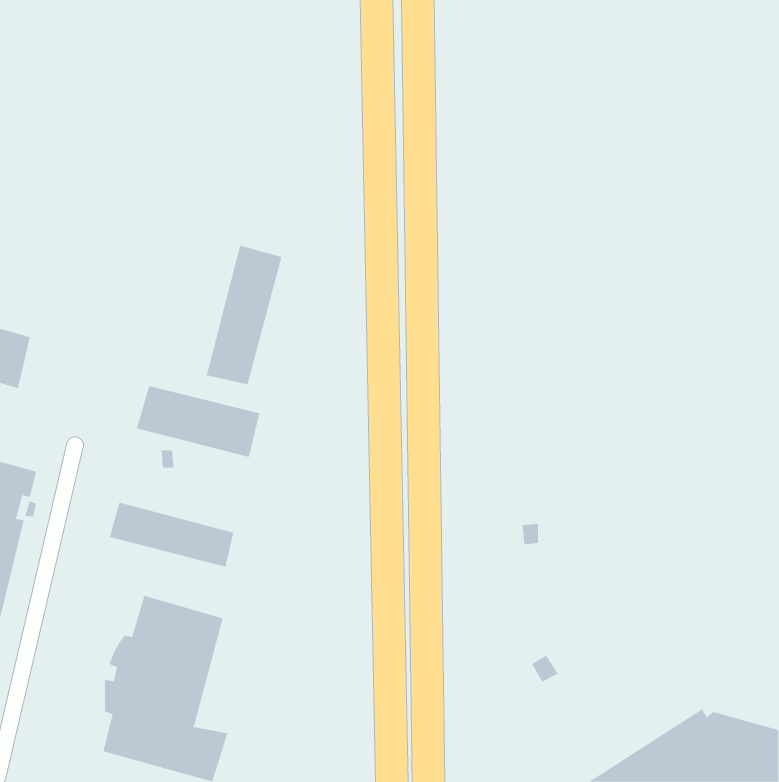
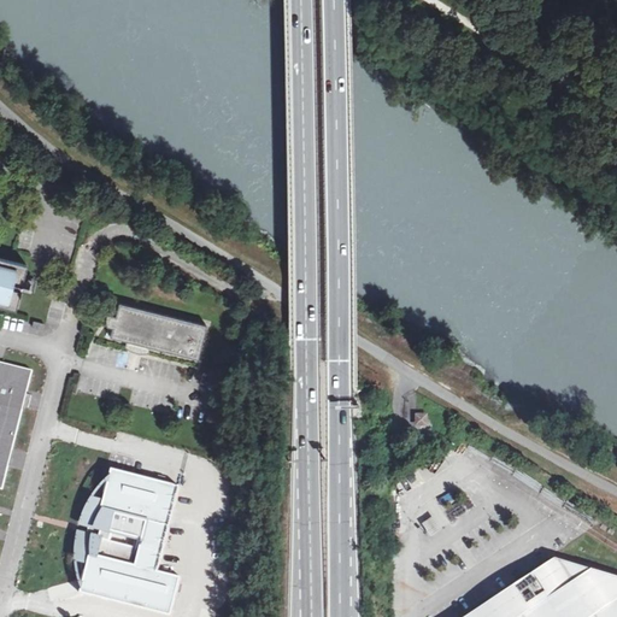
building: [206,245,282,385] -> none
building: [109,502,234,567] -> none

